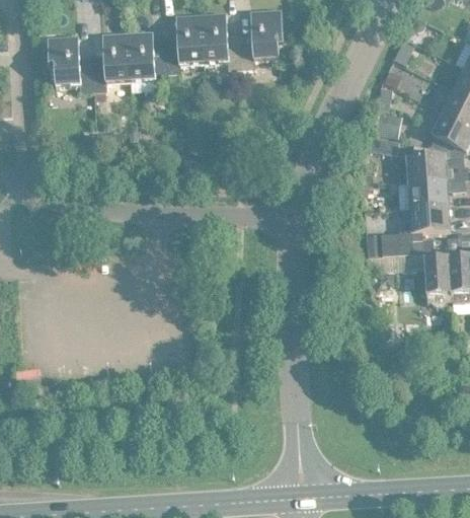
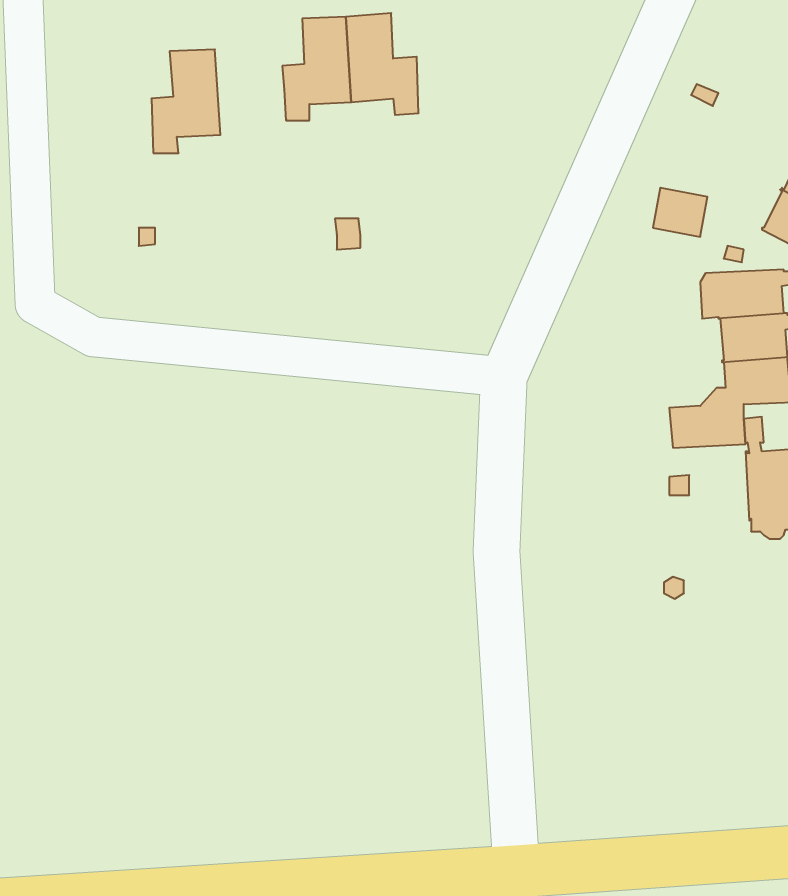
building: [241,9,284,68] -> none
building: [129,30,169,87] -> none
building: [49,35,94,91] -> none

